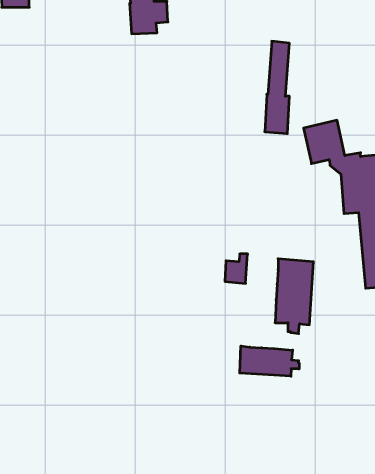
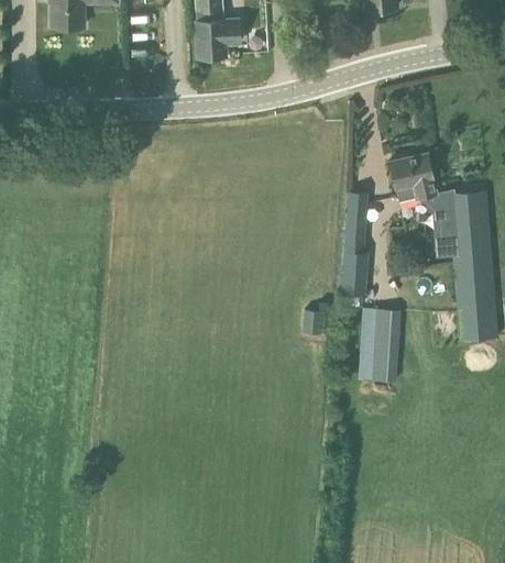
building: [265,41,289,134] -> [340,191,367,295]
building: [240,346,299,376] -> none

